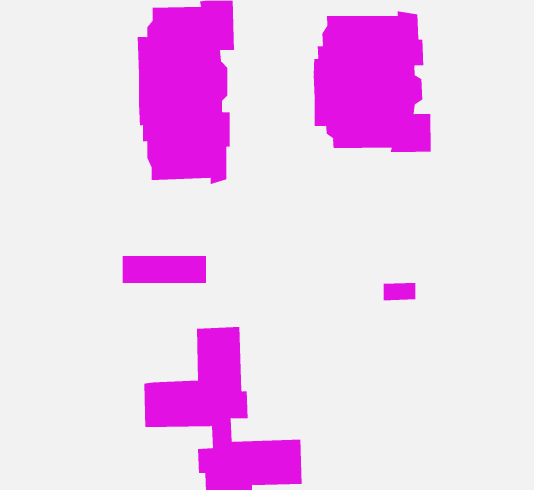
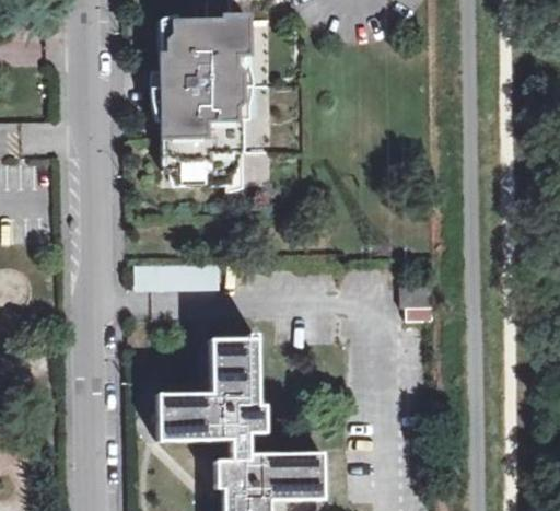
building: [313,10,431,153] -> none

